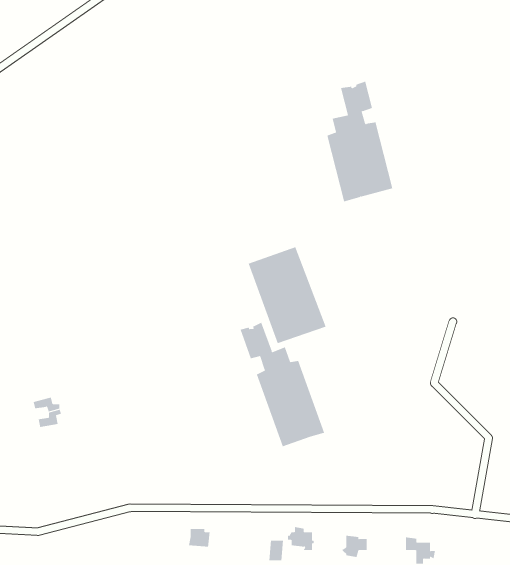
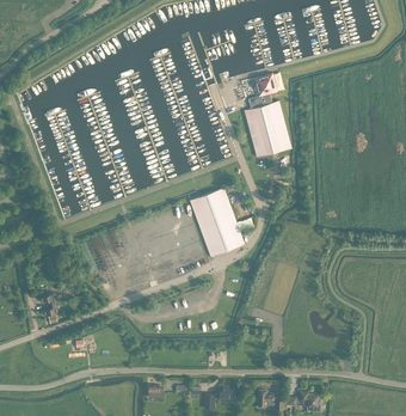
building: [240,322,325,447] -> none

